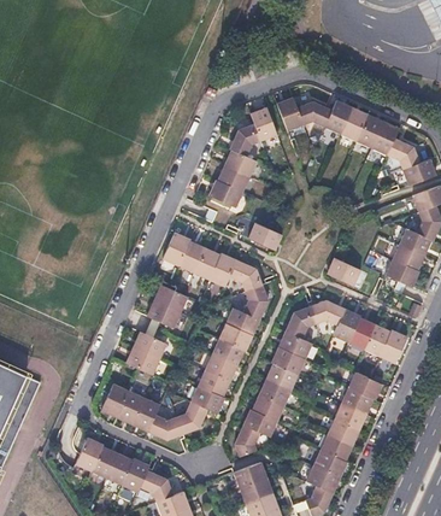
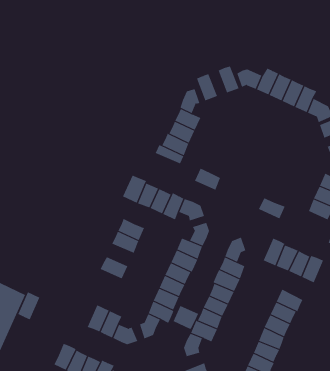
building: [312,299,345,324] -> none
building: [125,346,160,374] -> none
building: [101,382,129,417] -> [18,292,40,320]
building: none -> [173,305,199,329]

